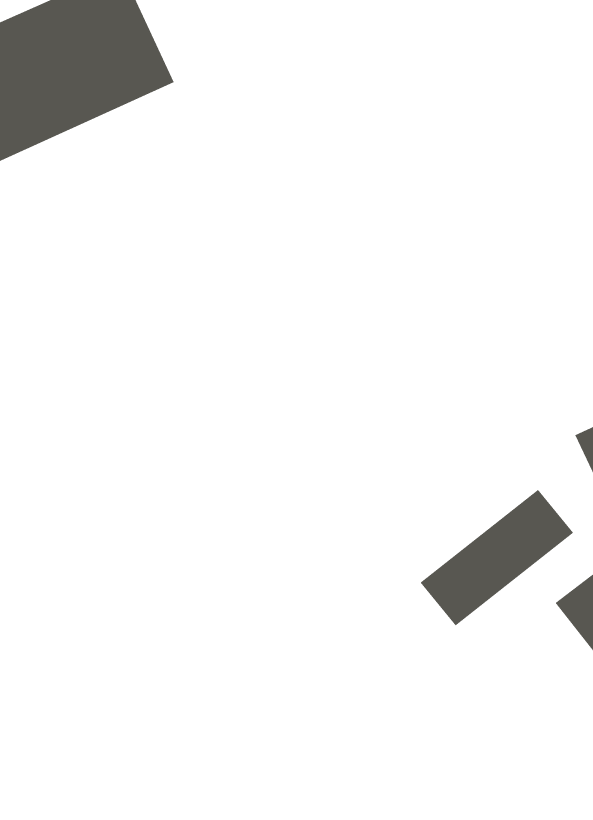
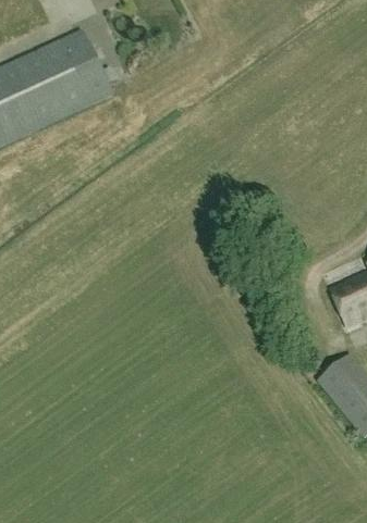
building: [419,489,574,627] -> none

